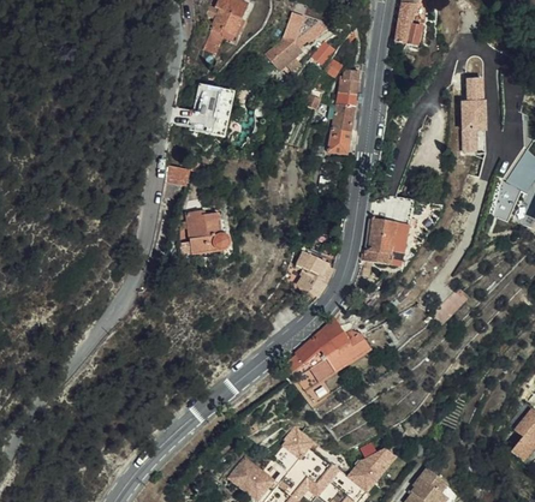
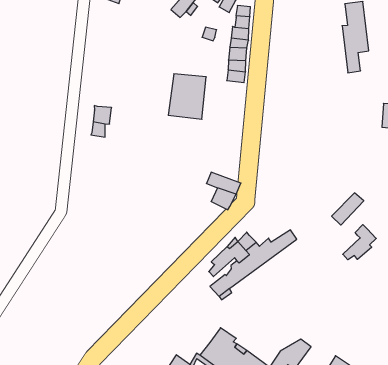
building: [190,82,236,135] -> [168,74,206,119]
building: [186,210,227,253] -> none
building: [362,220,417,269] -> none
building: none -> [343,225,376,260]

